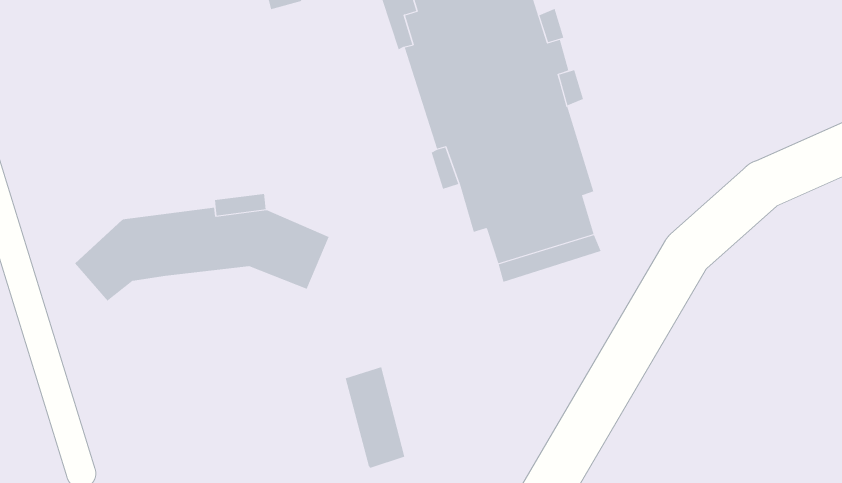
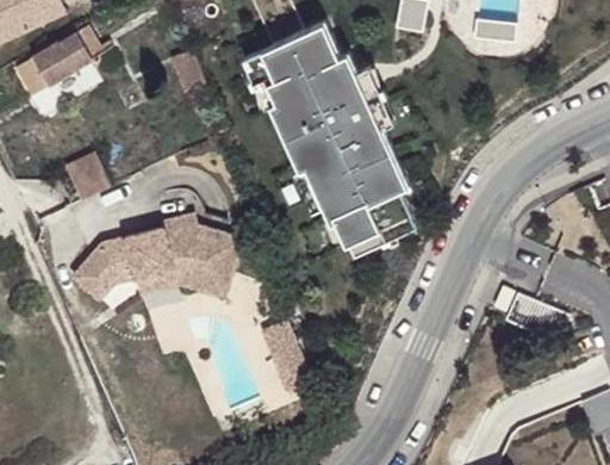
building: none -> [66,155,113,200]
building: none -> [132,264,228,296]

